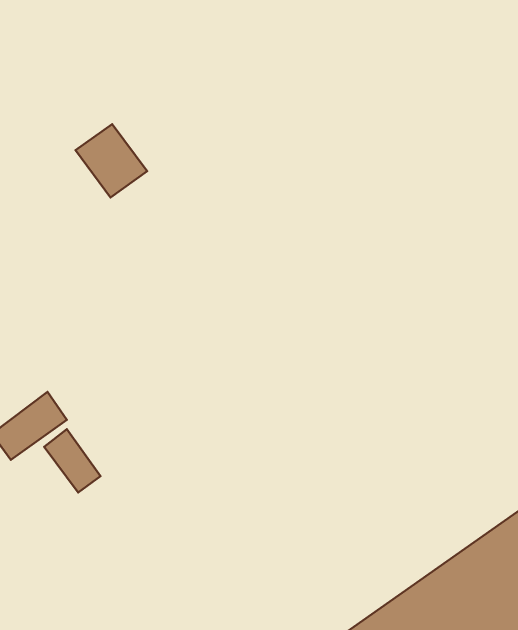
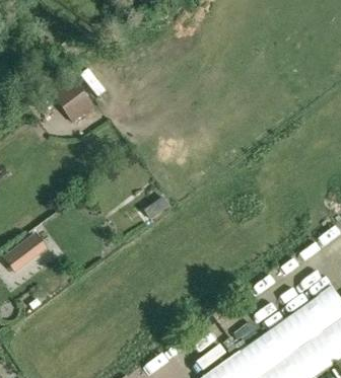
building: [44,429,100,492] -> none

